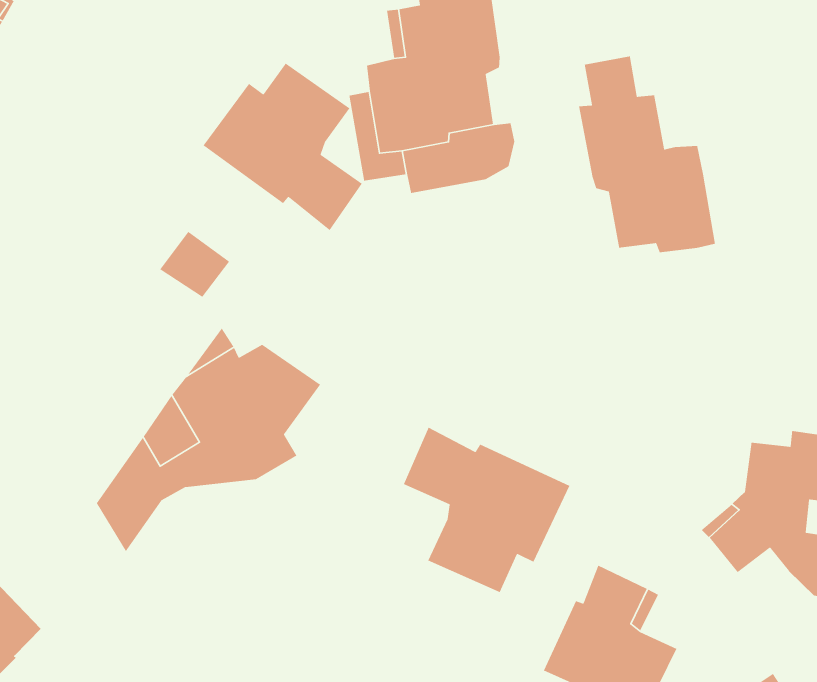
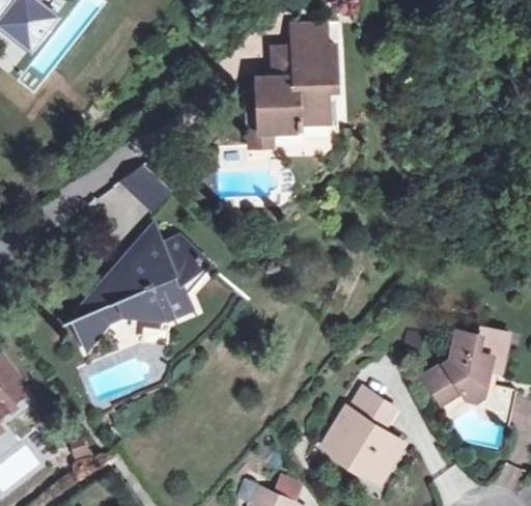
building: [578,55,716,253] -> none
building: [202,62,363,231] -> none
building: [403,426,570,593] -> none

